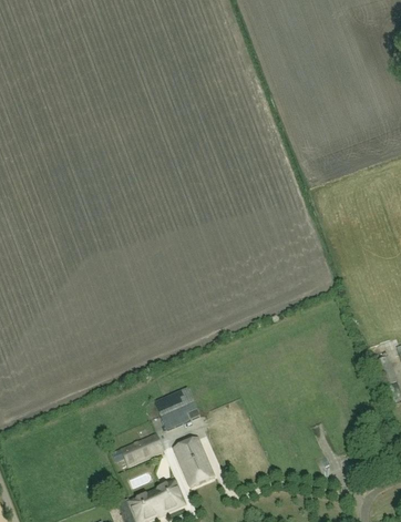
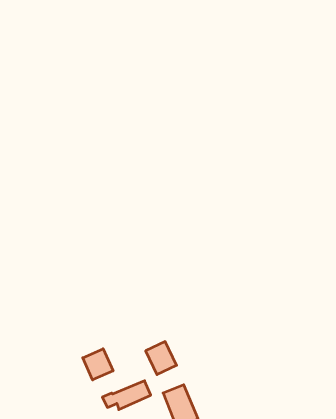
building: none -> [83,349,113,380]

